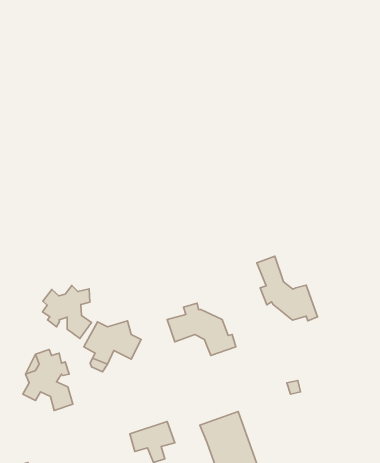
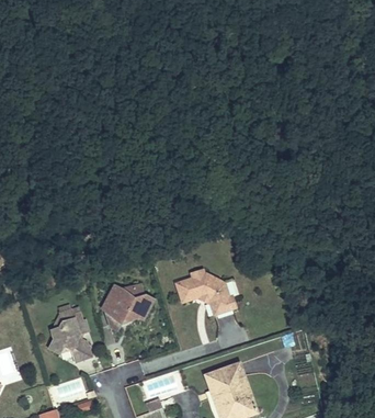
building: [257,256,317,321] -> none
building: [42,286,92,339] -> none

